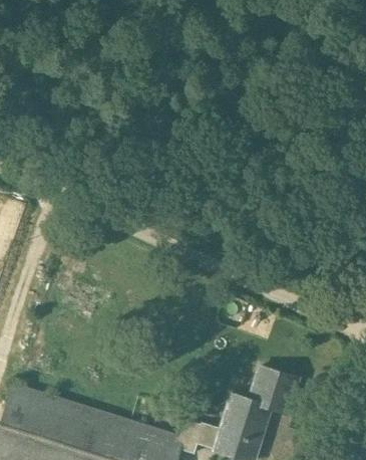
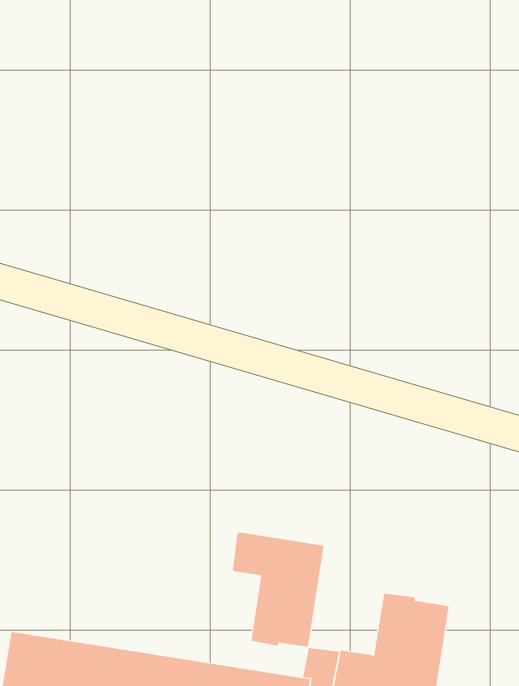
building: none -> [232,532,324,647]
building: [253,366,301,412] -> none

